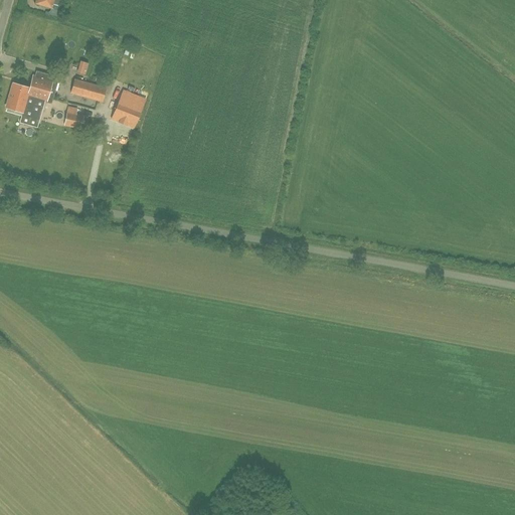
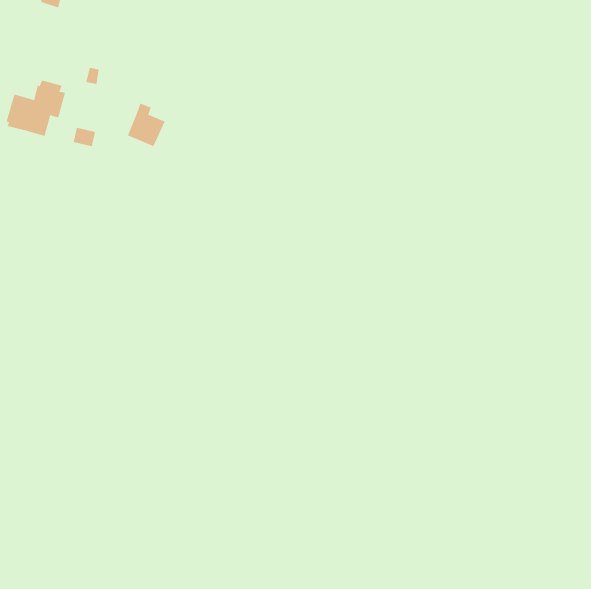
building: [70,77,106,100] -> none

